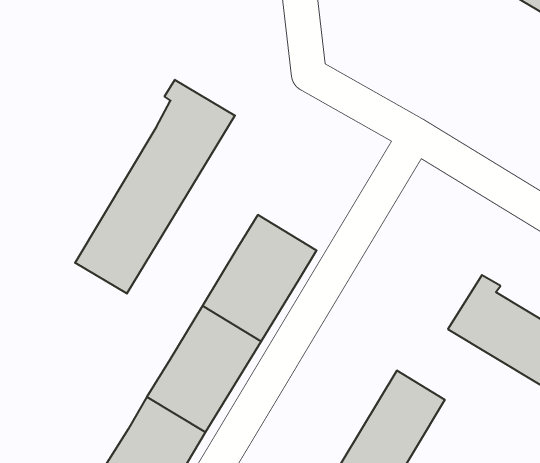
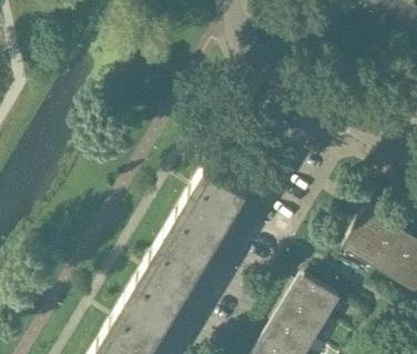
building: [75,80,235,294] -> none

